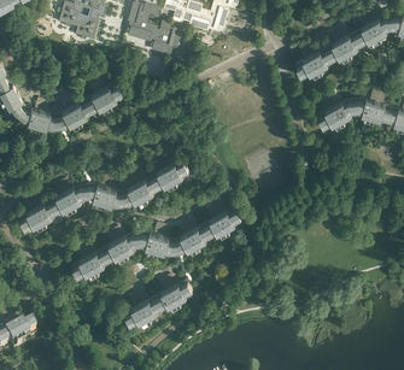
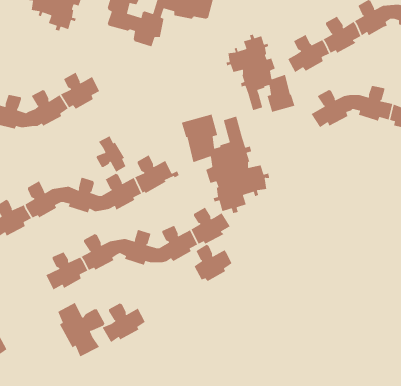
building: none -> [225,34,295,113]
building: none -> [181,113,270,214]
building: none -> [96,135,127,173]
building: [157,274,193,309] -> [193,244,233,282]
building: none -> [57,302,106,357]

